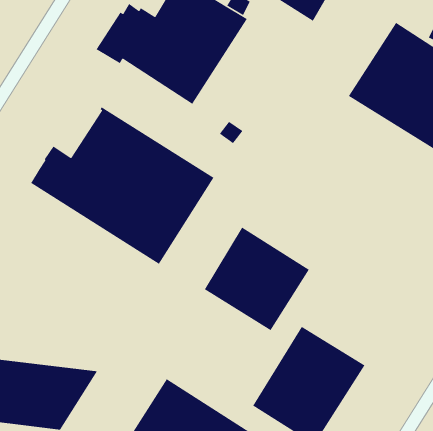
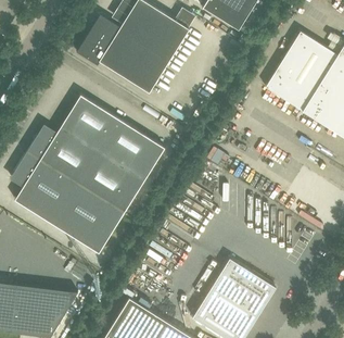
building: none -> [11,151,123,252]
building: [204,226,310,331] -> none

